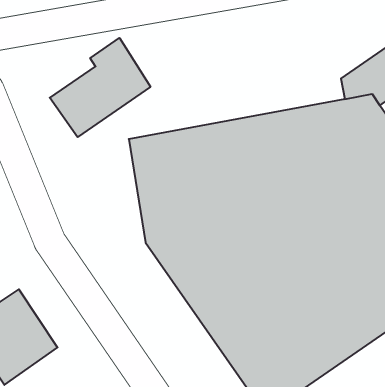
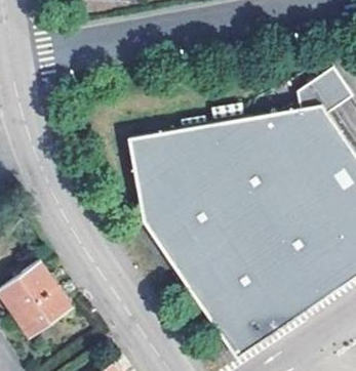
building: [50,38,150,137] -> none

